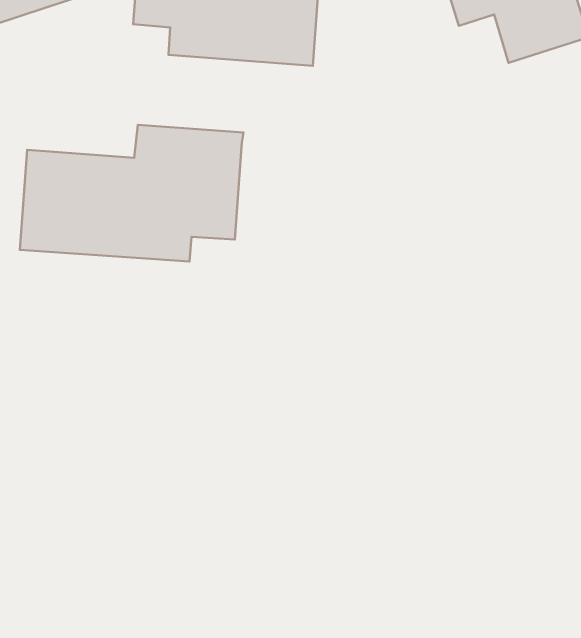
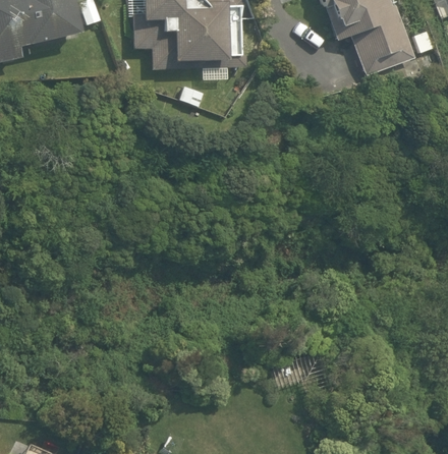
building: [20,125,243,261] -> none

